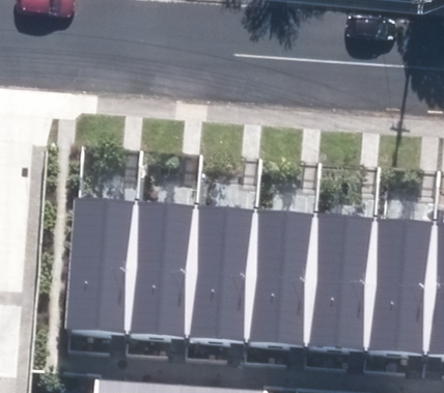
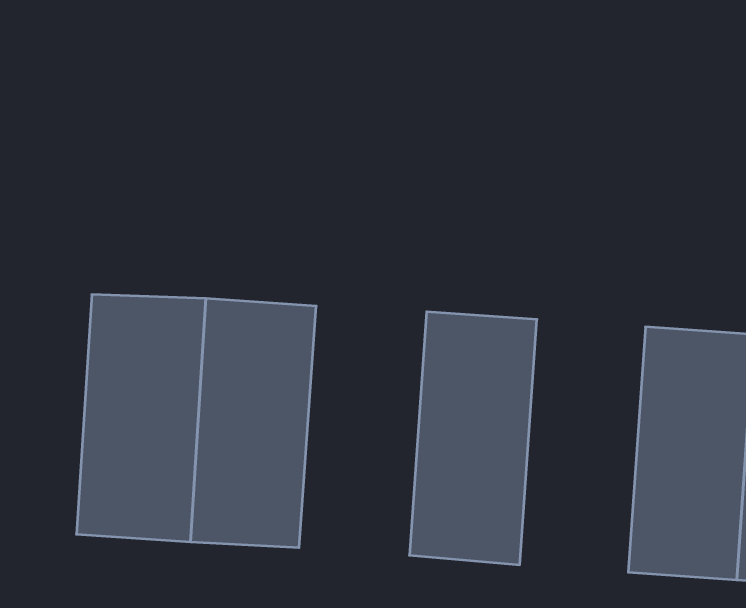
building: [187,206,256,342] -> none
building: [307,214,376,352] -> none

